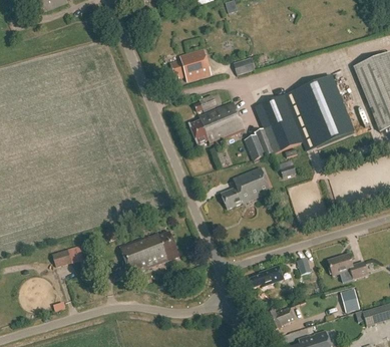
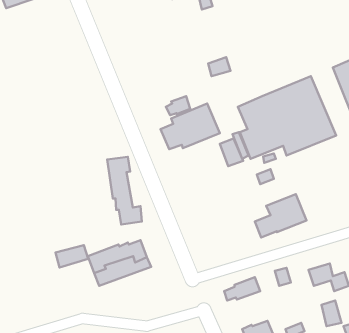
building: [170,48,211,80] -> none
building: none -> [107,157,142,224]
building: [222,165,271,207] -> [255,194,306,237]
building: [52,246,83,267] -> [55,245,88,267]

